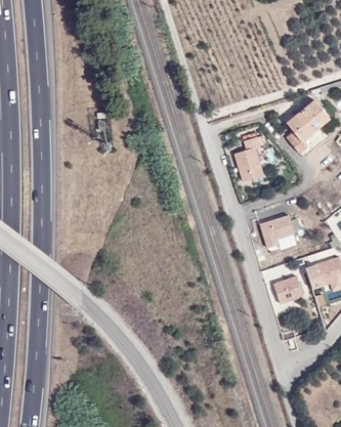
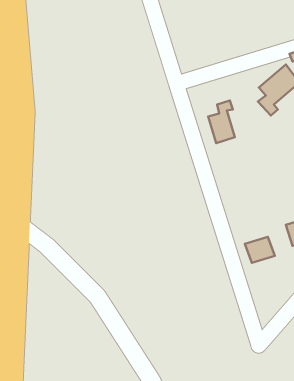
building: [260,215,294,248] -> none

